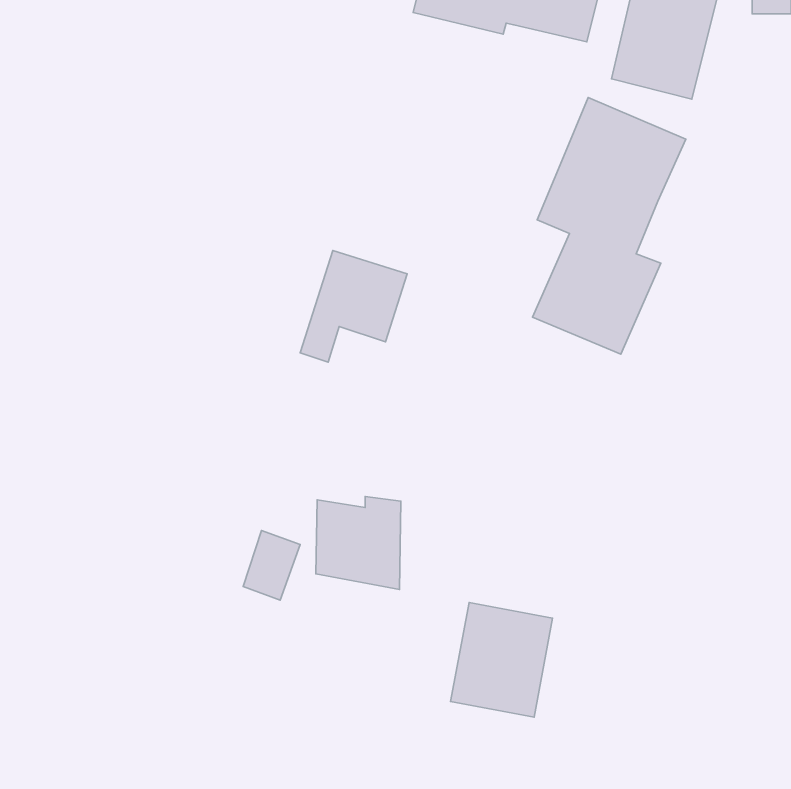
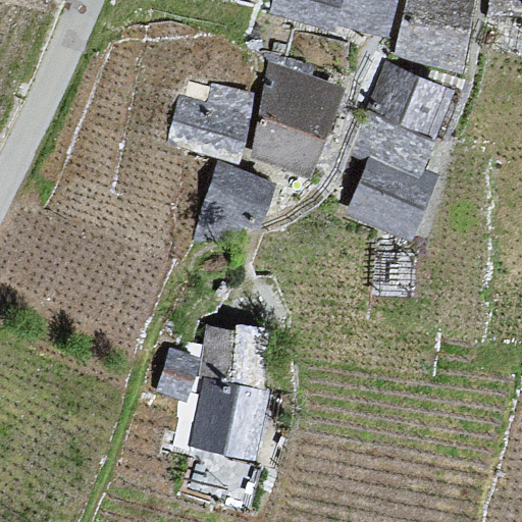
building: none -> [253,69,340,171]
building: none -> [172,90,252,154]
building: [450,603,553,717] -> [196,378,263,454]

